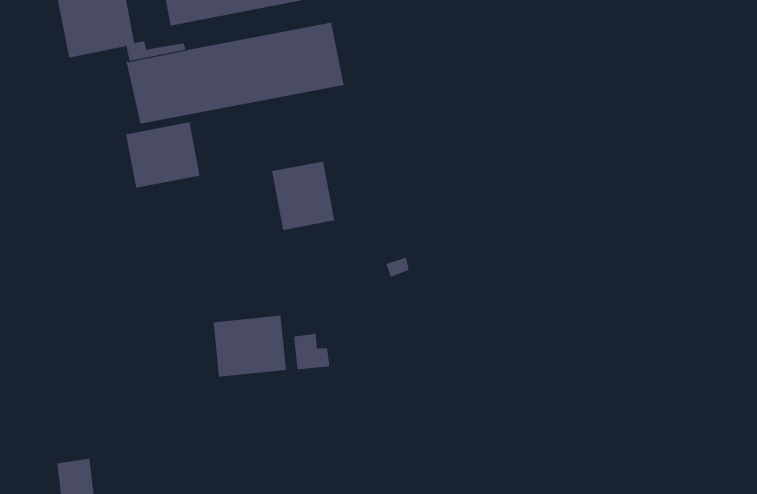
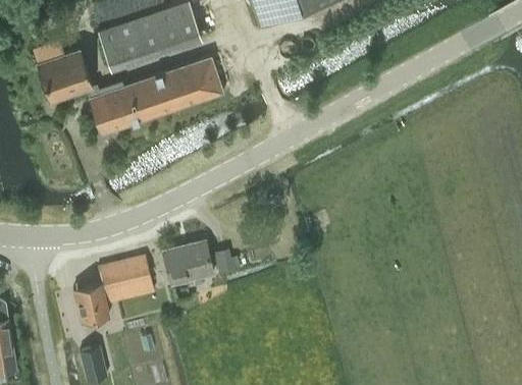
building: [125,121,200,188] -> none
building: [272,161,335,231] -> none
building: none -> [72,257,154,323]

